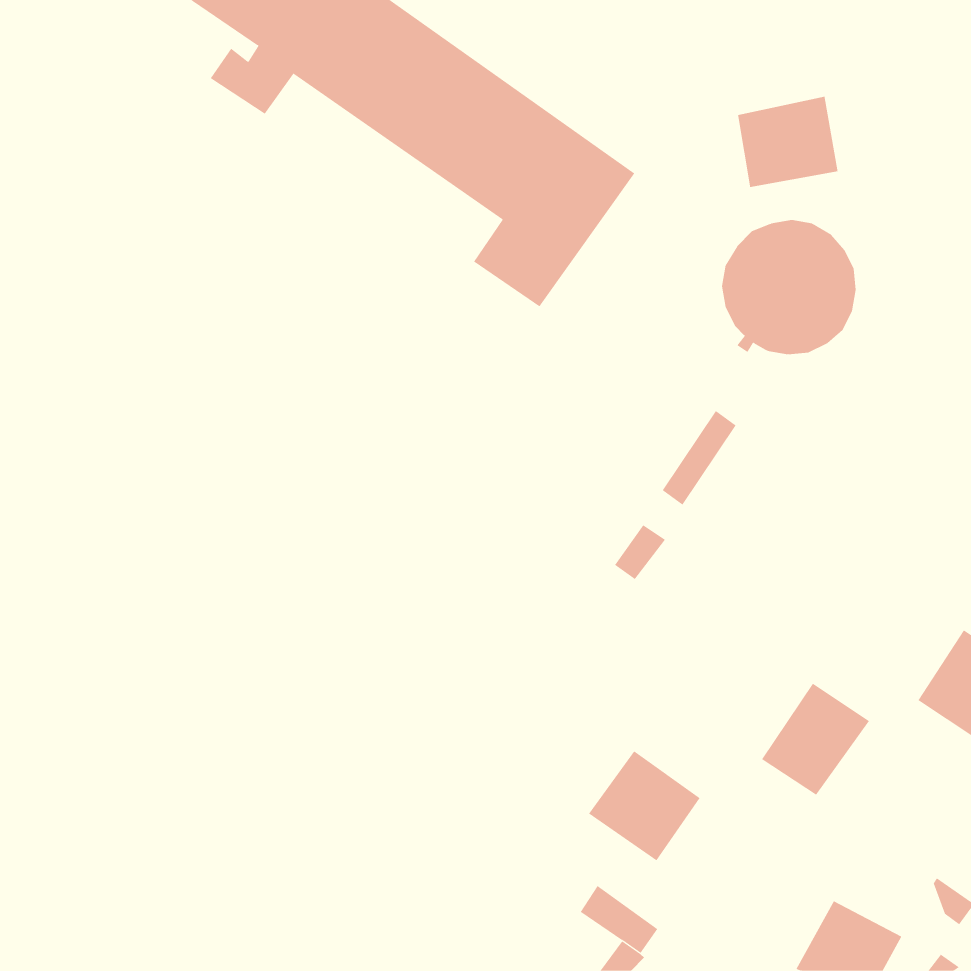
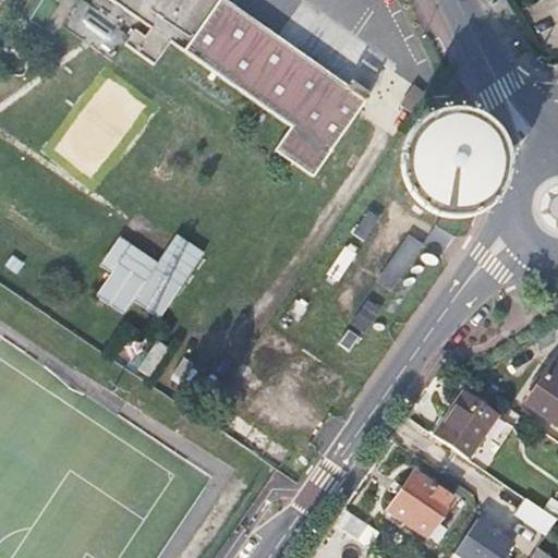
building: [738,96,838,188] -> none
building: none -> [97,233,206,318]
building: [588,751,701,861] -> [389,470,453,533]

